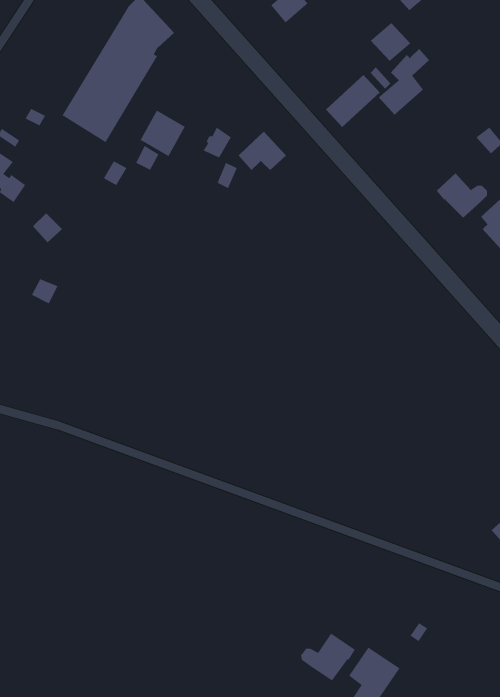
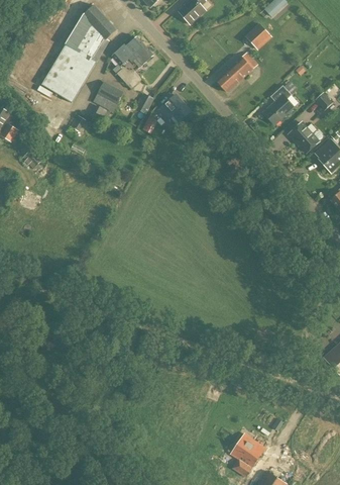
building: none -> [111,36,152,88]
building: [378,48,430,116] -> [262,80,297,124]
building: [300,632,356,681] -> none

